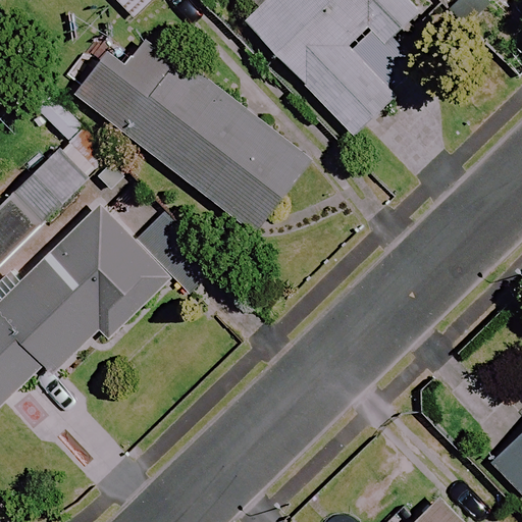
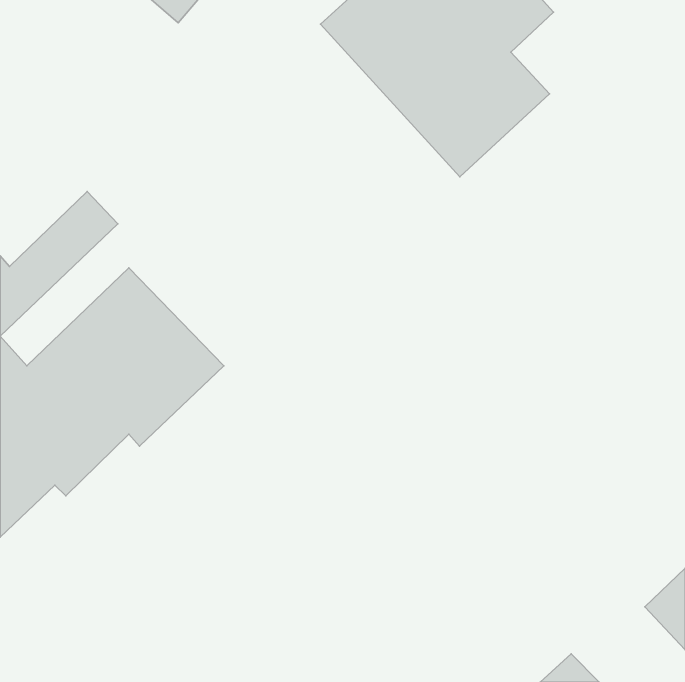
building: [76,22,309,231] -> none

